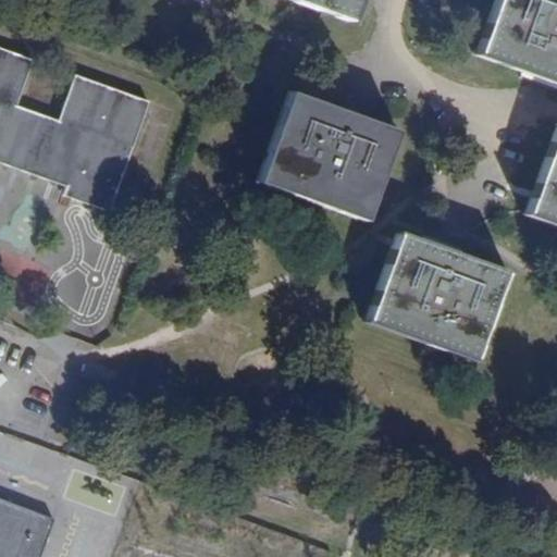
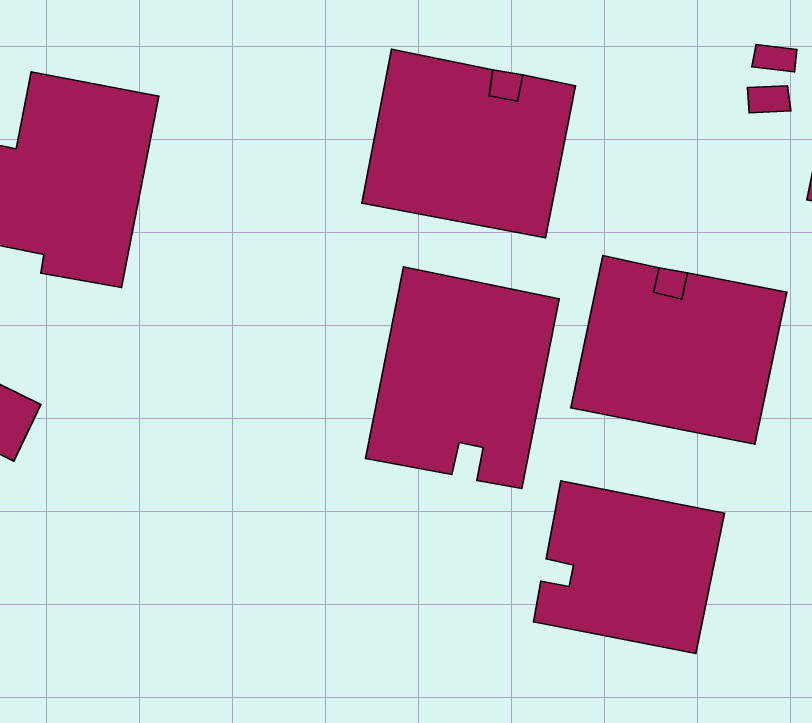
building: none -> [365,267,559,488]
building: none -> [534,481,725,654]

